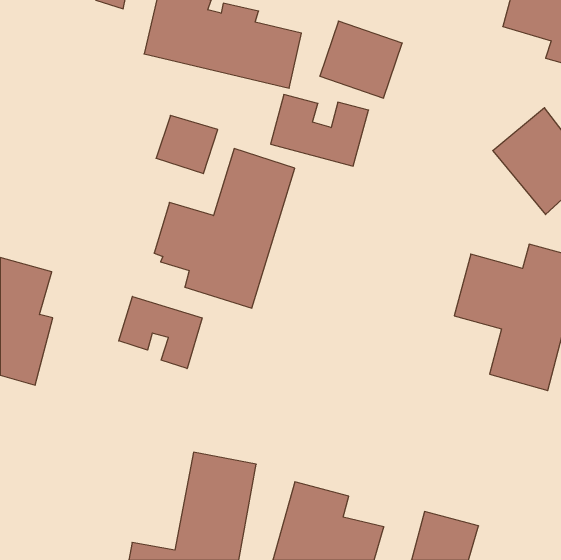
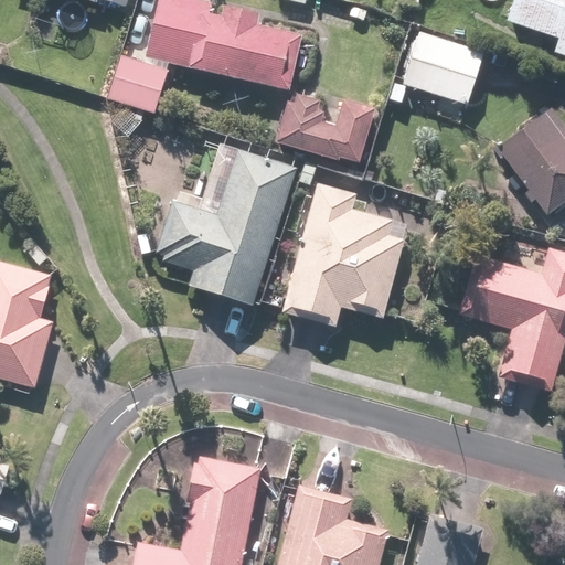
building: [320,21,402,98] -> [401,31,483,108]
building: [156,115,218,174] -> [108,53,170,111]
building: none -> [289,184,404,327]
building: [119,296,202,369] -> none

